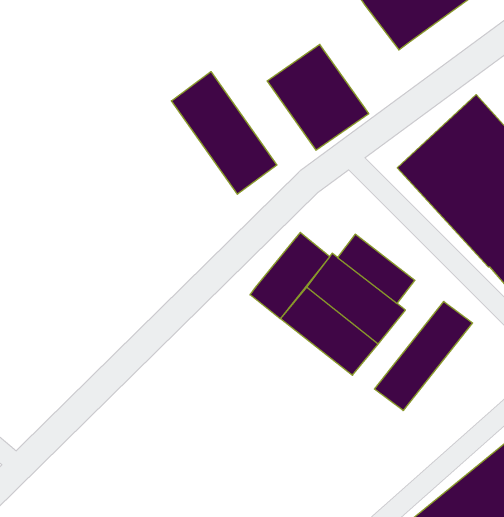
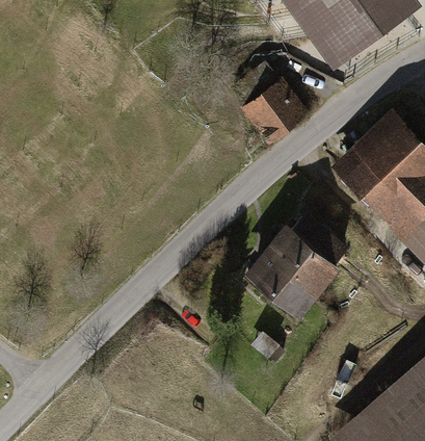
building: [171,72,277,194] -> none
building: [250,232,330,319] -> none
building: [374,301,473,411] -> none

